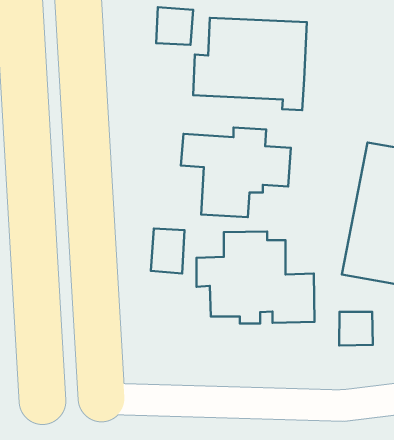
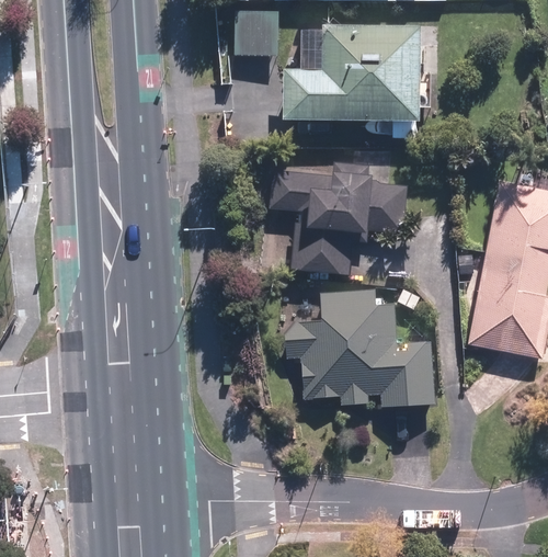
building: [151,228,185,274] -> none
building: [339,312,373,346] -> none

